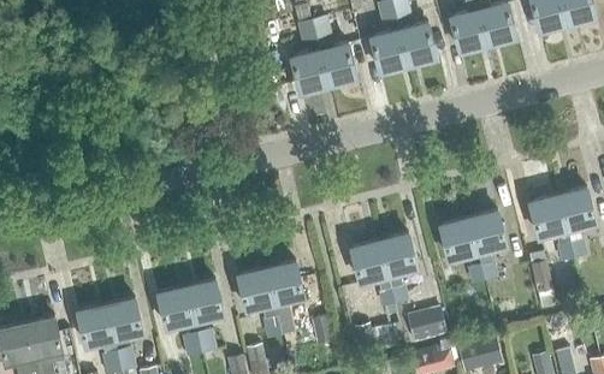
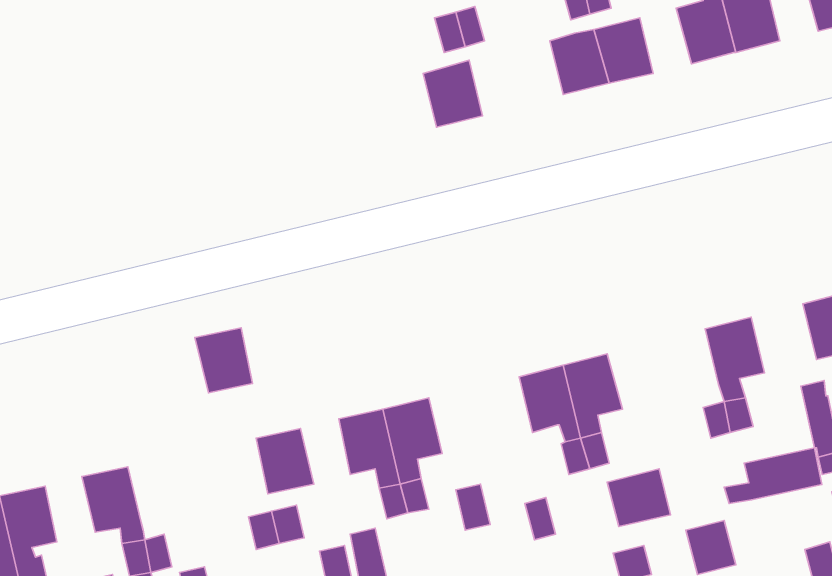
building: [320,43,356,84] -> none
building: [440,218,476,260] -> none
building: [158,286,194,327] -> [195,328,253,393]
building: none -> [724,448,822,503]
building: [106,298,142,339] -> none

